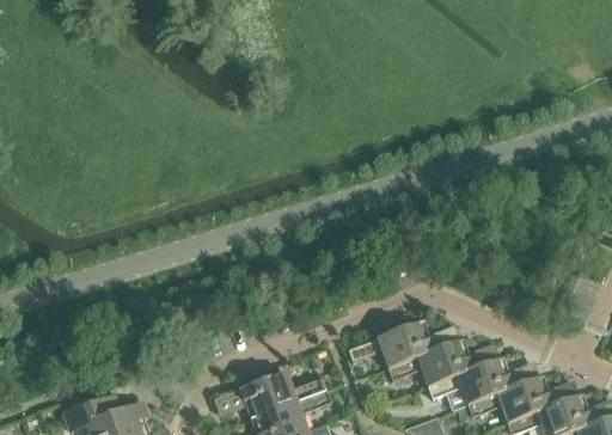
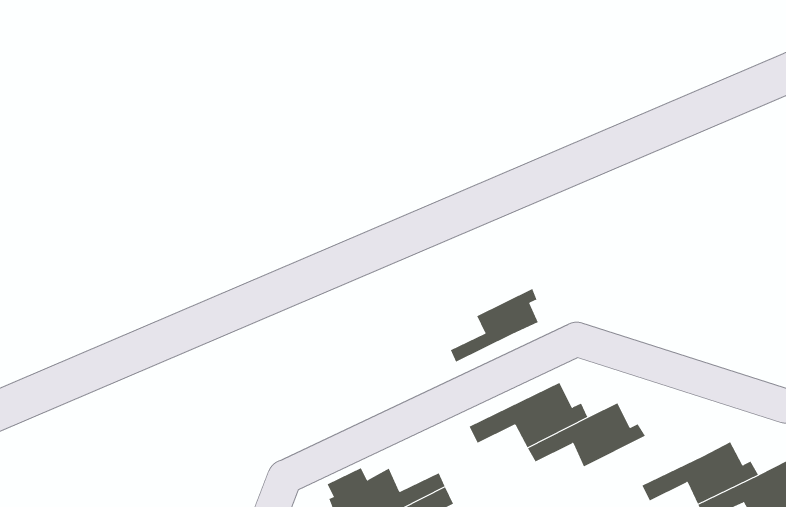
building: none -> [450,288,538,363]
building: [427,360,514,410] -> none

